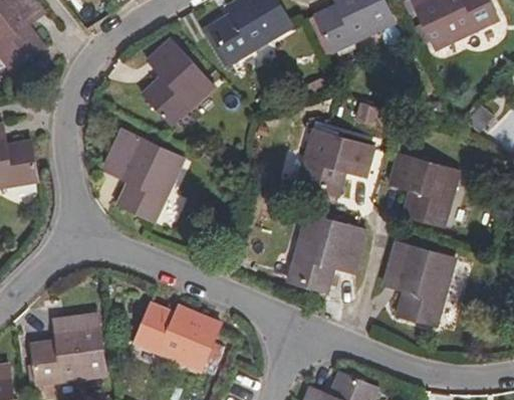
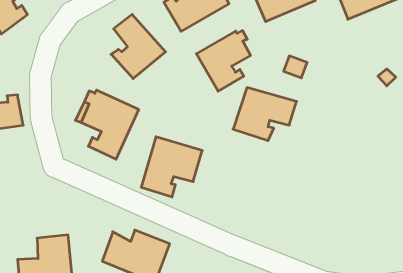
building: none -> [196,31,250,91]
building: [391,155,458,225] -> none
building: [288,217,363,291] -> [141,137,202,197]
building: [386,242,455,325] -> none

